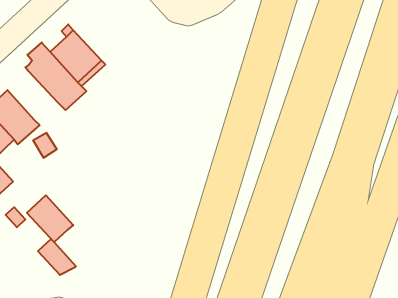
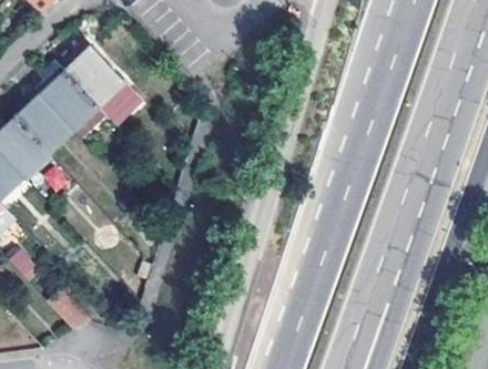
building: none -> [12,94,70,152]
building: [27,195,73,242] -> none

